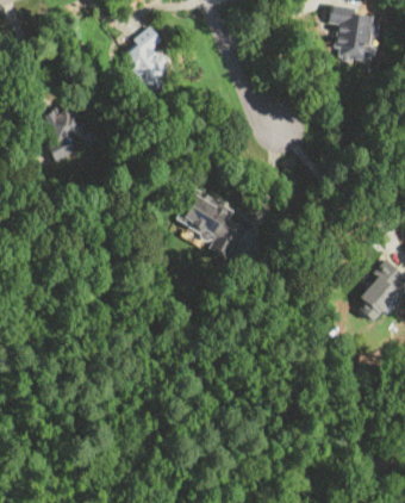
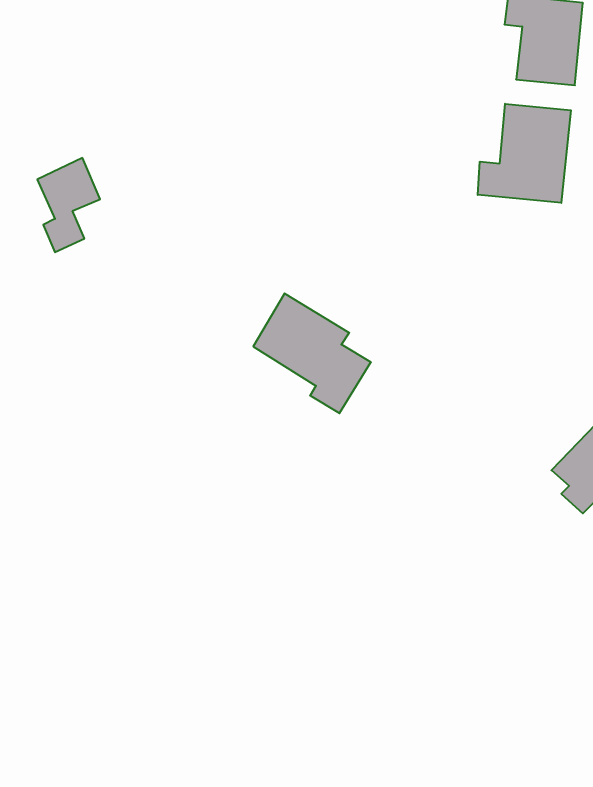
building: [123,27,168,98] -> none
building: none -> [478,104,571,203]

